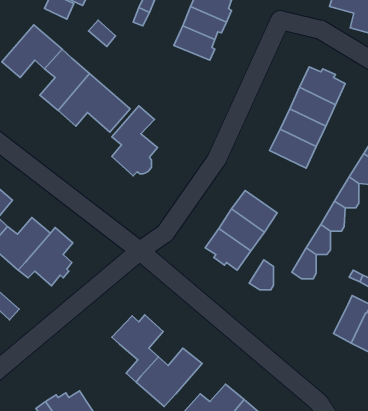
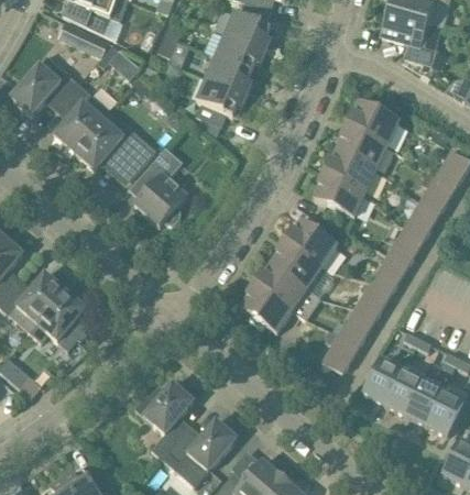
building: none -> [195,78,245,125]
building: none -> [285,220,337,267]
building: [249,260,274,290] -> [321,334,349,369]
building: none -> [363,360,402,404]

